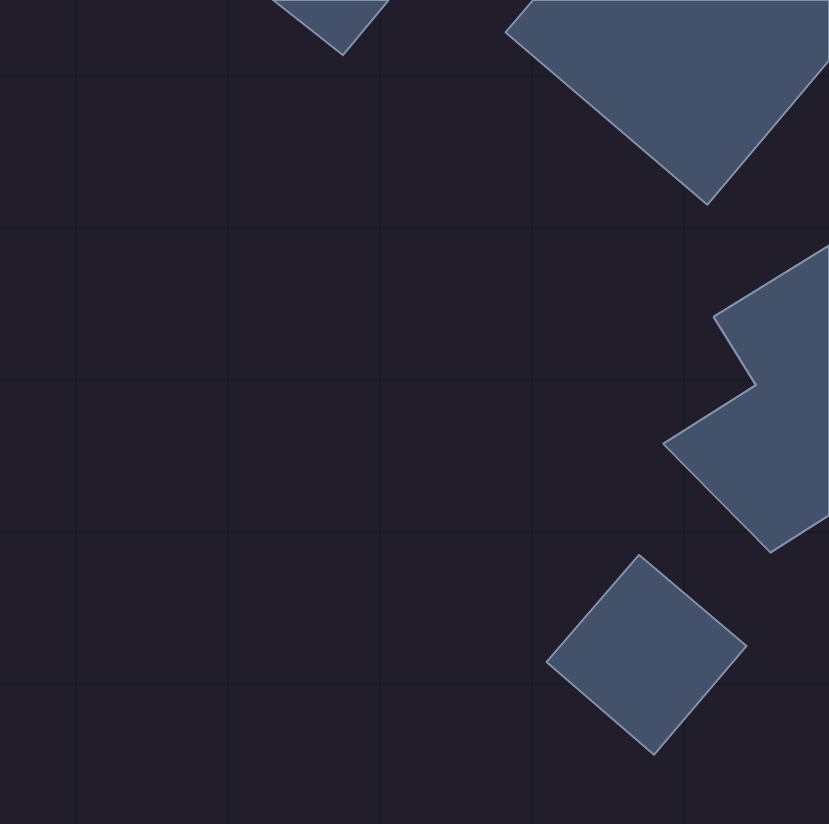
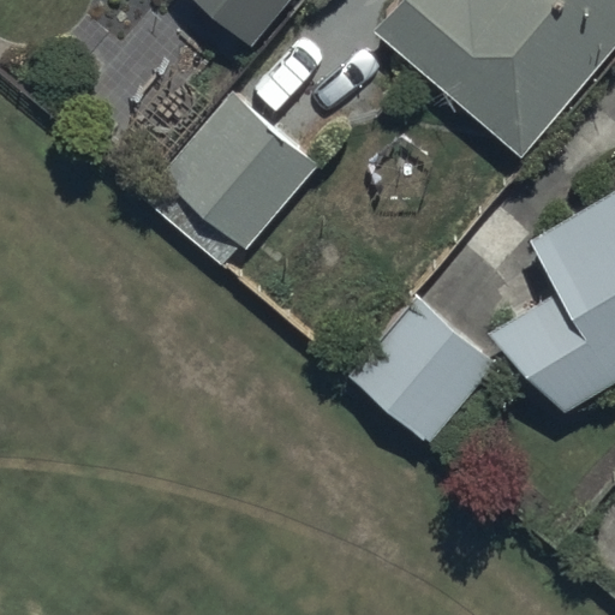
building: none -> [157,89,320,251]
building: [547,555,747,755] -> [350,297,497,444]

